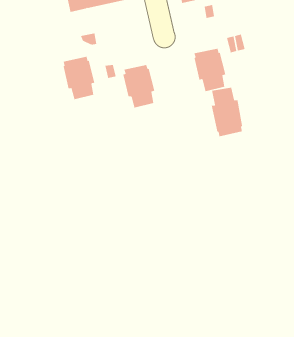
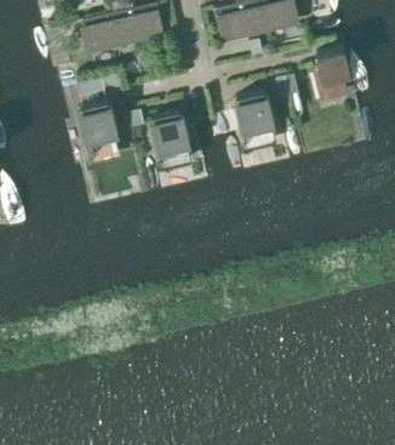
building: none -> [313,51,348,102]
building: [211,87,243,137] -> none

